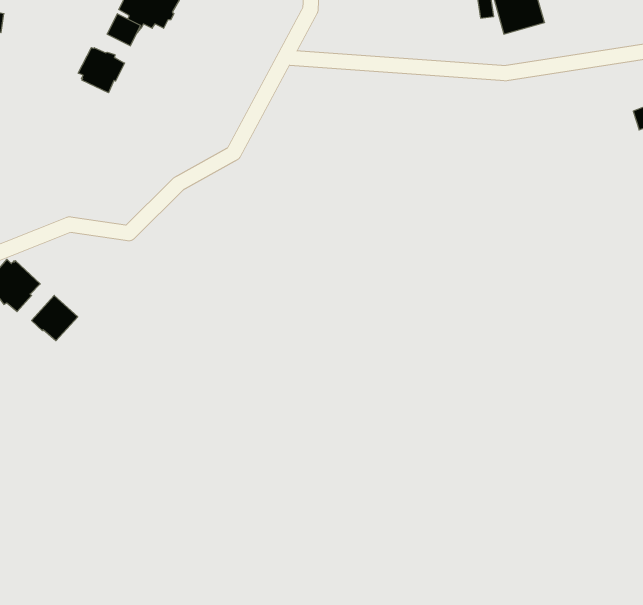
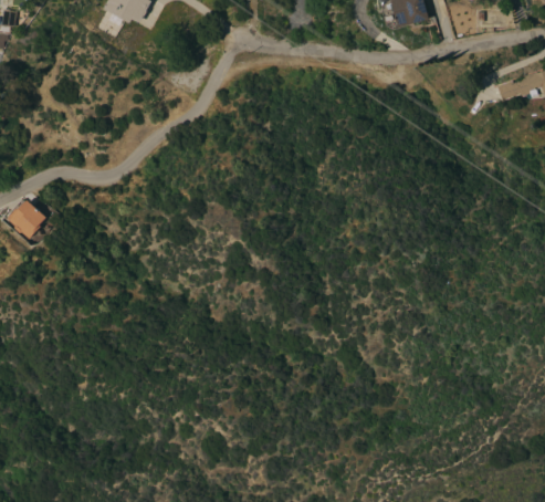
building: [78,48,125,93] -> none
building: [32,295,78,341] -> none

